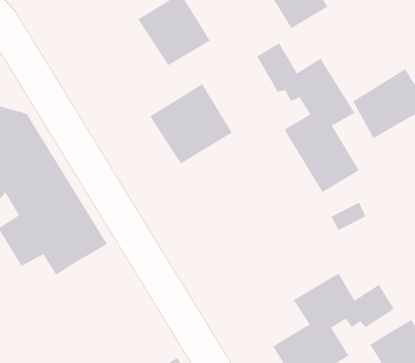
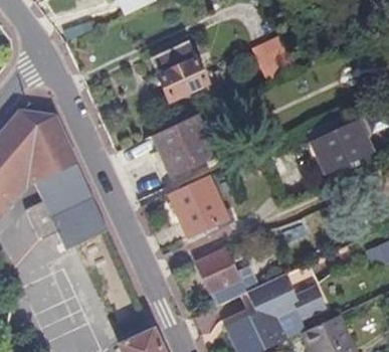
building: [256,42,360,193] -> none
building: none -> [167,176,226,236]
building: none -> [194,247,257,306]

